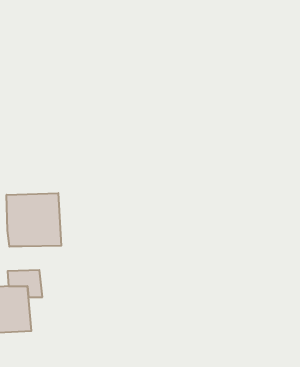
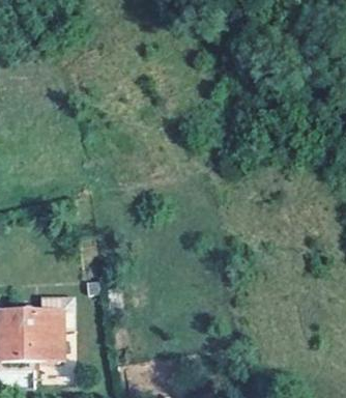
building: [7,193,61,247] -> none

